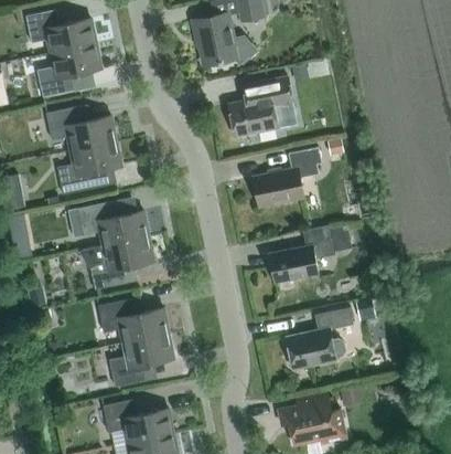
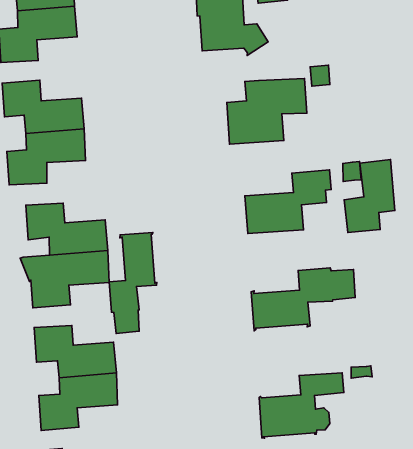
building: none -> [344,160,395,232]
building: none -> [109,232,157,333]

